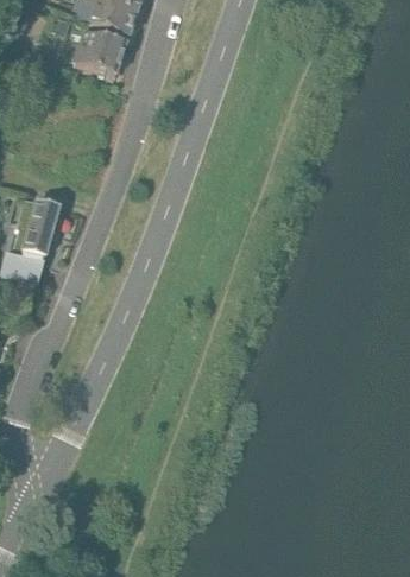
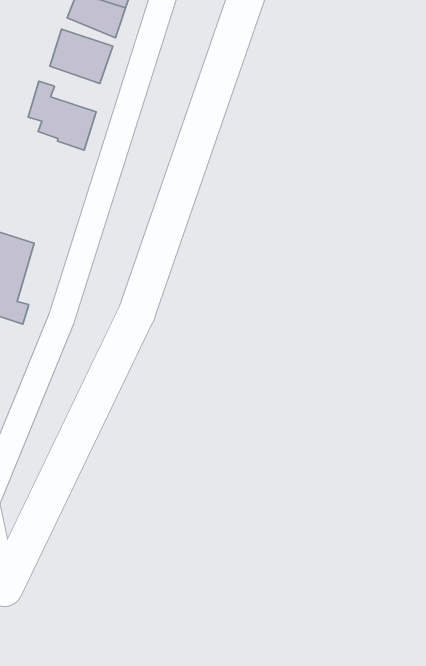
building: none -> [28,81,96,150]

